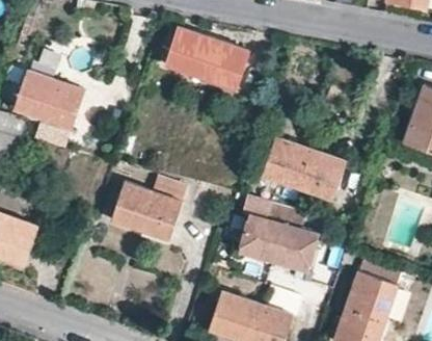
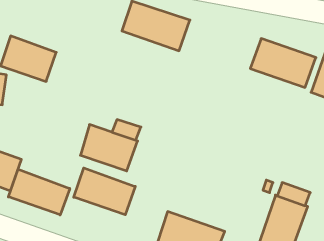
building: [262,137,344,199] -> [250,39,316,87]
building: [239,203,320,272] -> none
building: none -> [74,168,135,215]
building: none -> [8,169,70,215]

